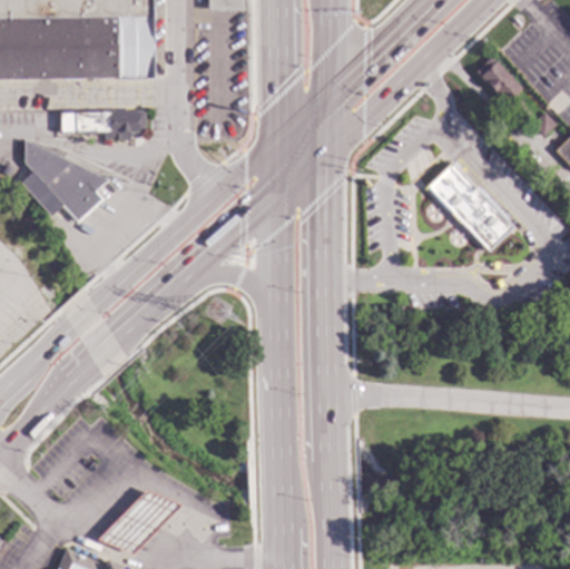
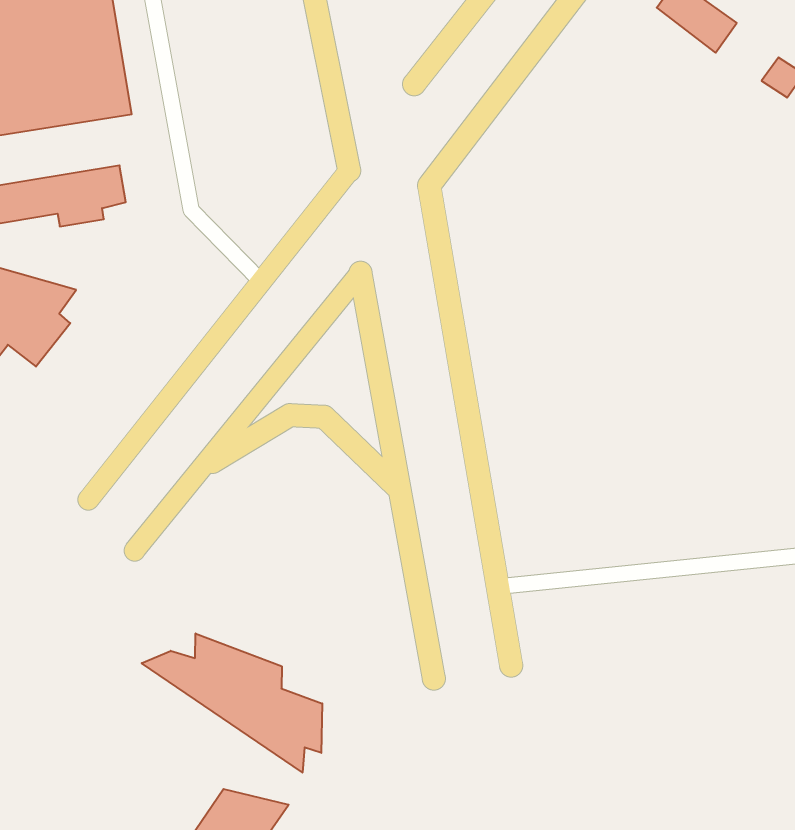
building: [425,159,513,251] -> none
building: none -> [142,633,322,773]

